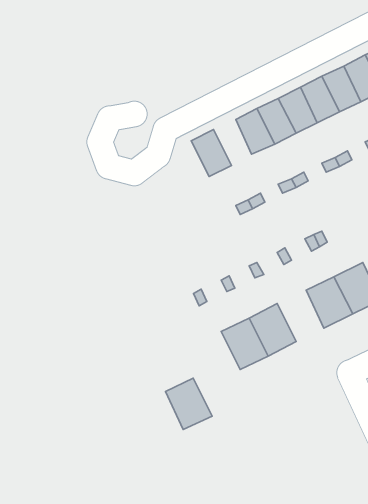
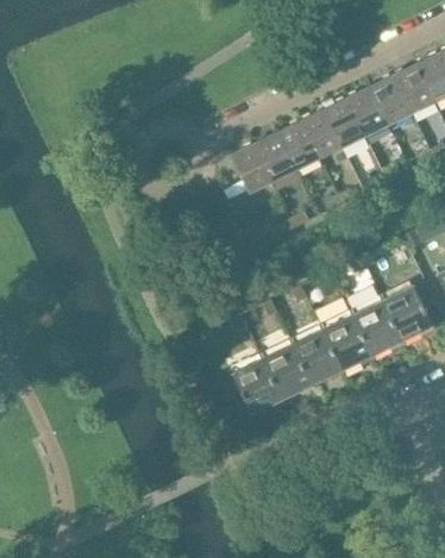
building: none -> [252,133,297,192]
building: none -> [320,315,370,370]
building: [165,378,212,430] -> [231,359,281,414]

